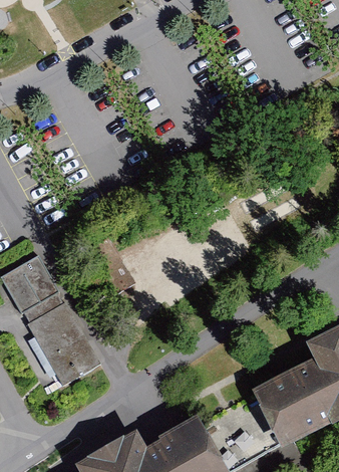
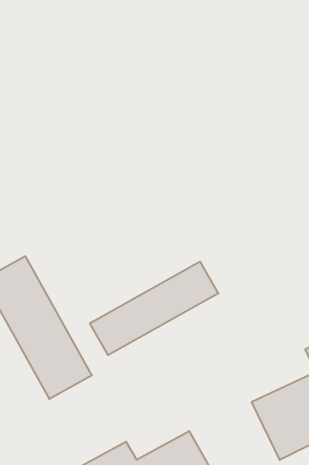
building: none -> [90,262,218,355]

